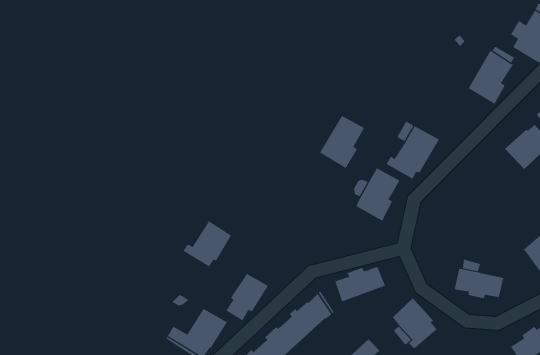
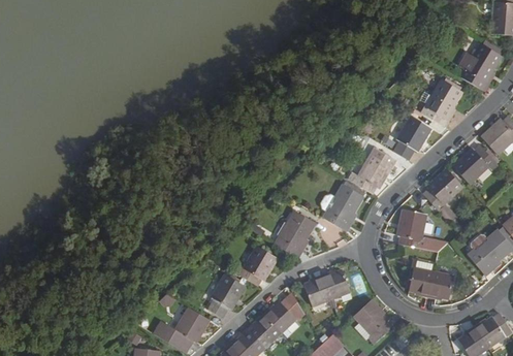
building: none -> [393,117,429,160]
building: [319,115,365,169] -> [274,212,314,259]
building: none -> [423,170,463,215]
building: none -> [406,211,435,250]
building: [183,220,232,267] -> [232,246,276,287]

